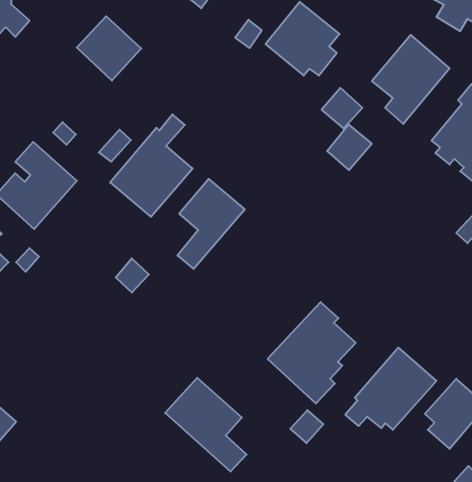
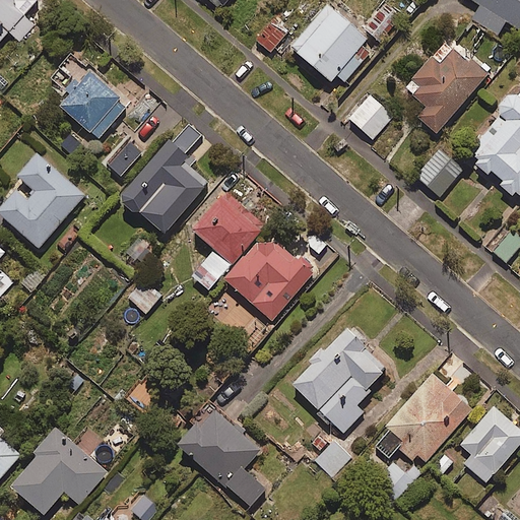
building: [77,16,141,81] -> [60,69,129,138]
building: [327,125,372,170] -> [414,148,462,197]
building: none -> [225,240,315,319]
building: none -> [11,428,109,513]

